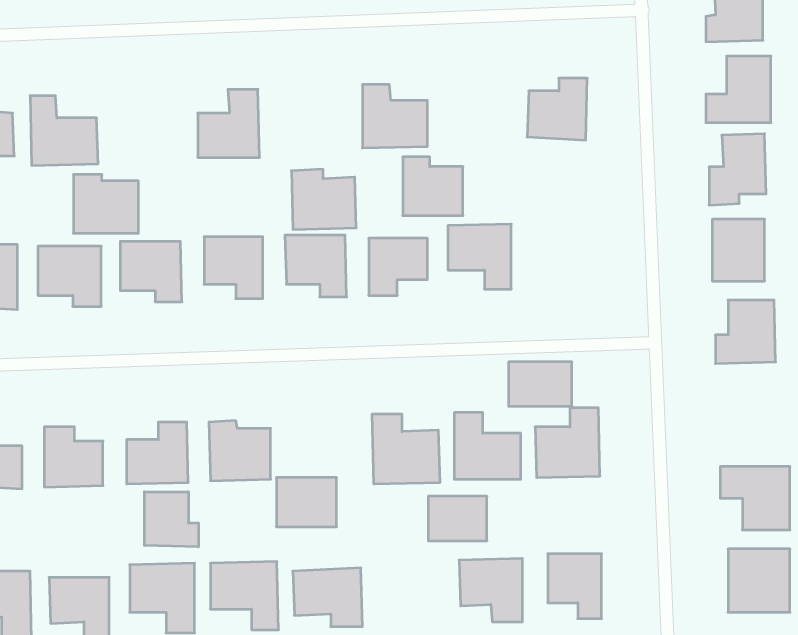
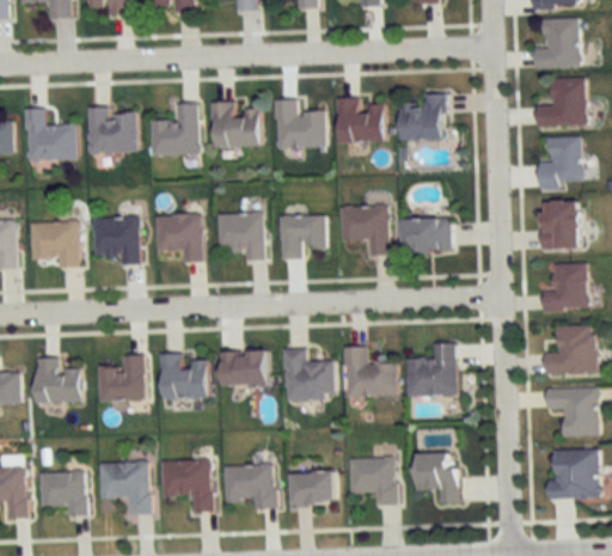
building: [403,157,463,216] -> [338,98,384,142]
building: [291,169,356,229] -> [210,102,259,147]
building: [73,175,138,233] -> [87,108,136,152]
building: [509,362,572,406] -> [403,218,451,251]
building: none -> [545,323,596,373]
building: [276,478,337,527] -> [220,350,265,387]
building: [144,492,198,547] -> none
building: [428,496,487,541] -> [290,471,335,505]

